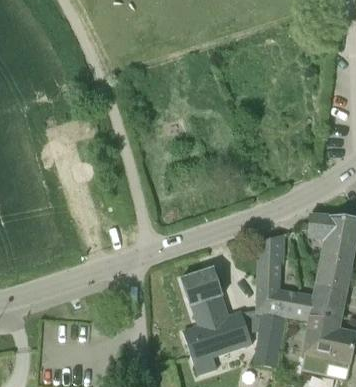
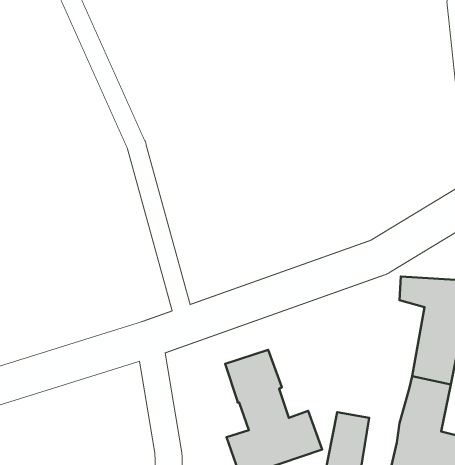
building: [258,235,315,321] -> none

